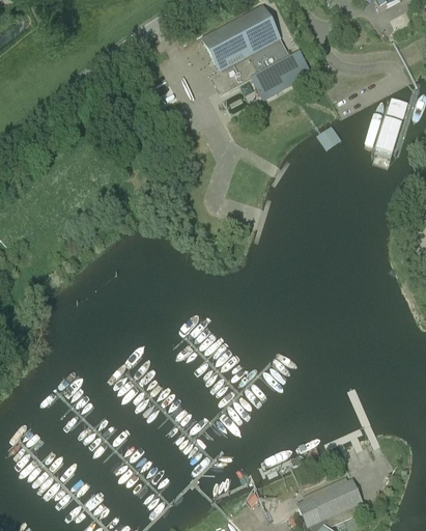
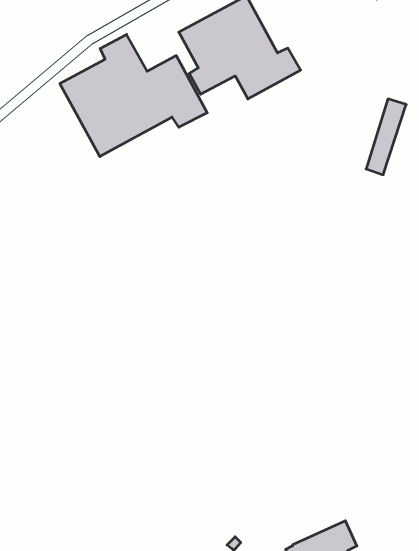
building: none -> [60,34,207,157]

